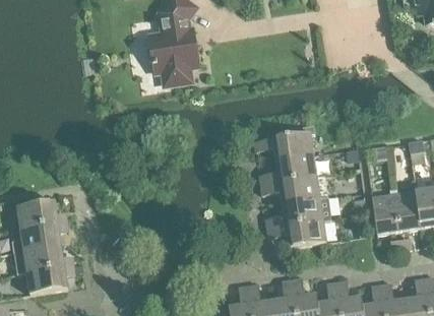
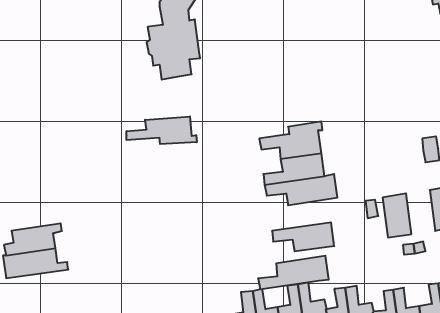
building: none -> [127,116,197,144]
building: [393,189,421,231] -> none
building: [264,196,331,228] -> [258,256,329,289]
building: [16,200,66,228] -> none
building: [14,264,74,293] -> none

